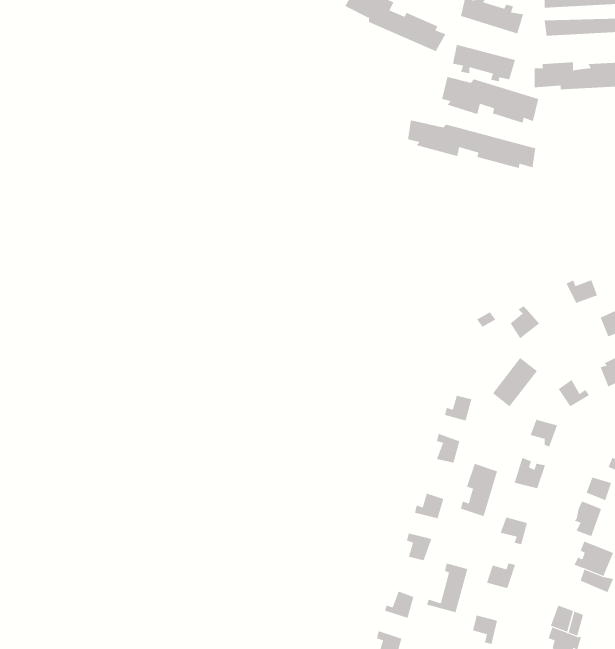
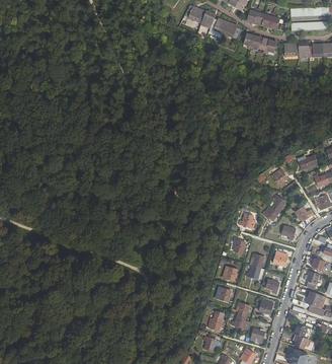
building: [442,76,539,124] -> none
building: [407,119,536,169] -> none

